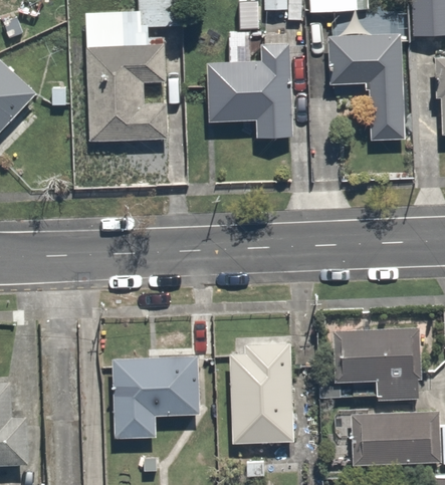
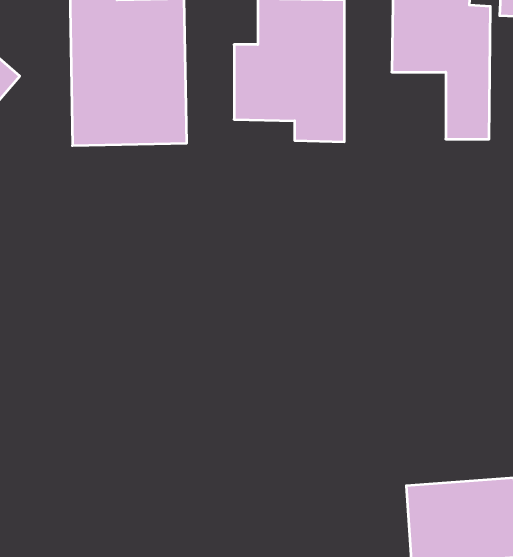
building: [333,325,412,402] -> none
building: [104,346,197,432] -> none
building: [225,346,287,442] -> none

